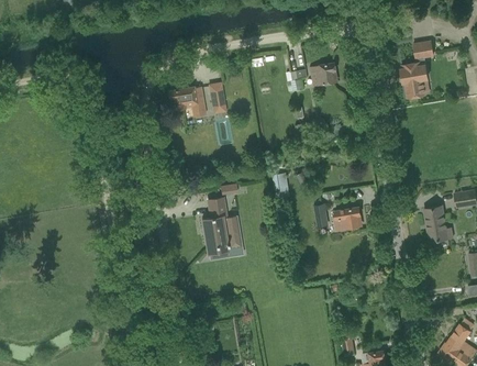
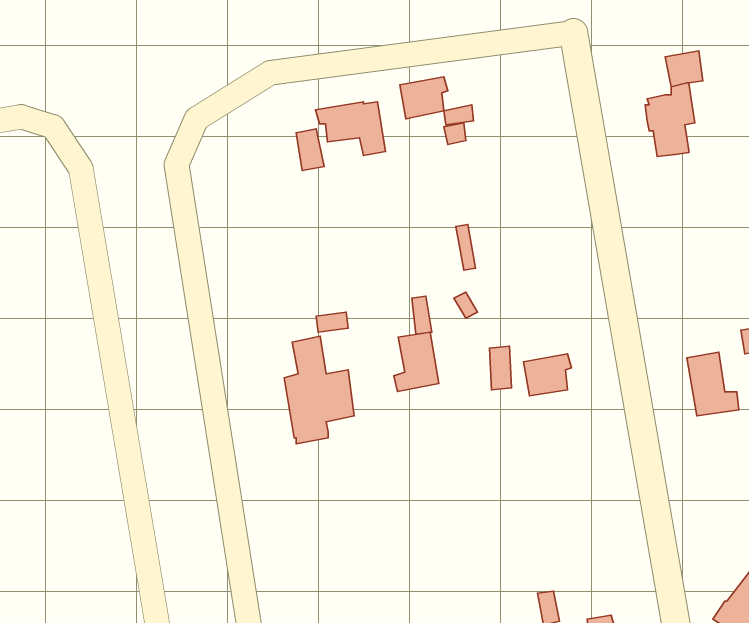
building: [310,63,336,86] -> [400,77,448,119]
building: [167,87,206,117] -> [316,102,385,156]
building: none -> [394,332,439,392]

